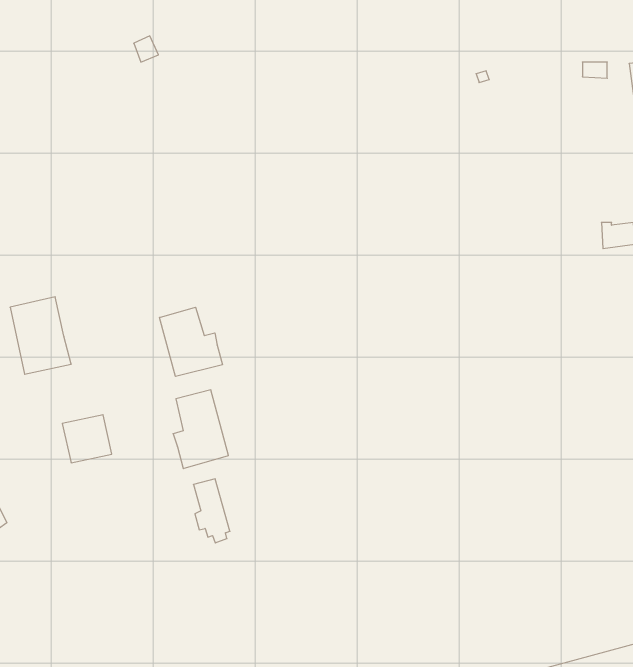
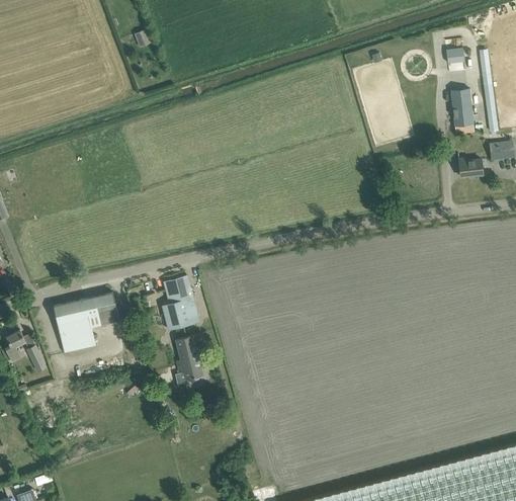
building: none -> [451,92,474,132]
building: [10,297,71,374] -> [54,300,96,353]
building: [160,307,222,376] -> none

